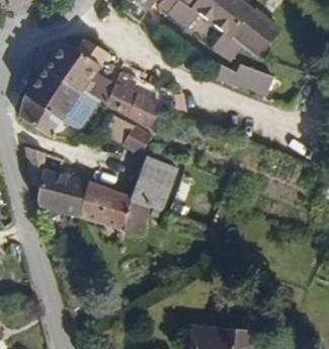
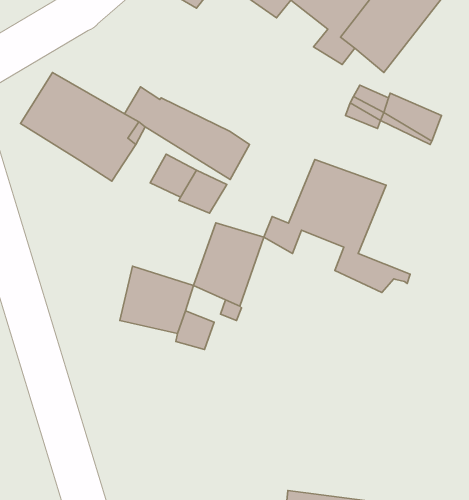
building: [45,41,110,88] -> none
building: [19,94,62,137] -> none
building: none -> [264,160,410,293]
building: [23,145,95,219] -> none

